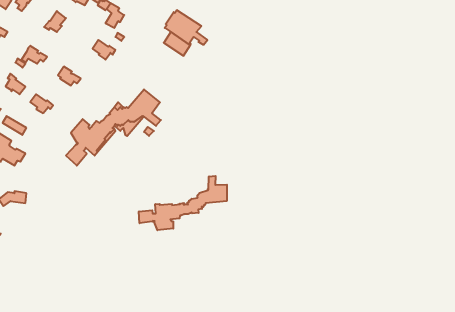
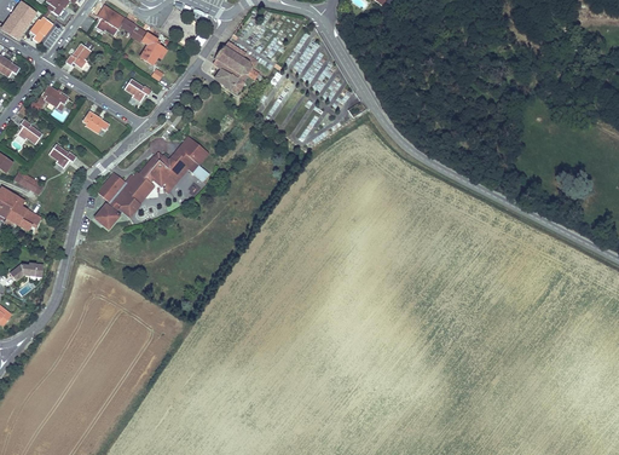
building: [139,176,227,230] -> none

